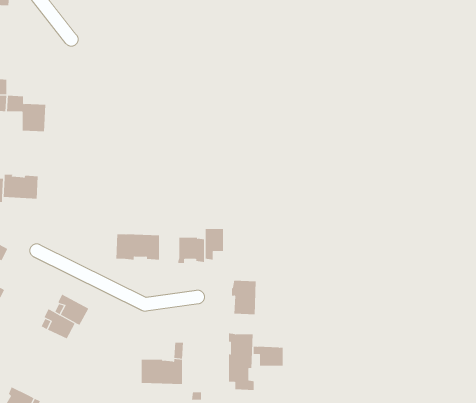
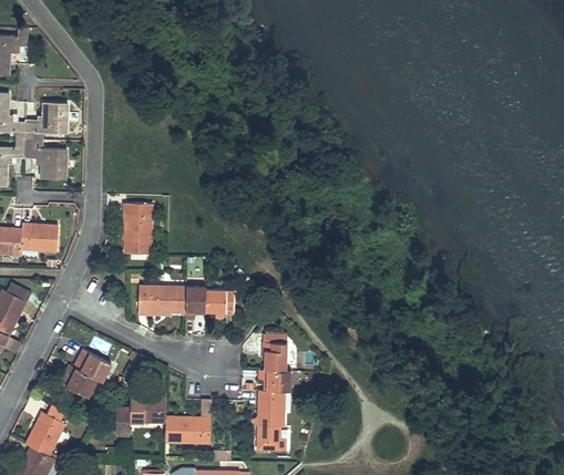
building: none -> [24,103,66,141]
building: none -> [123,204,151,254]
building: [205,228,224,260] -> [185,287,205,320]
building: none -> [115,396,166,434]
building: [253,346,284,366] -> [258,370,290,391]
building: none -> [25,411,64,456]

